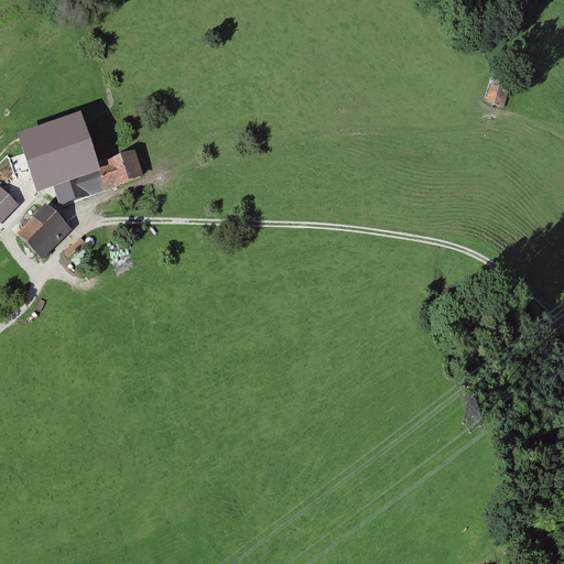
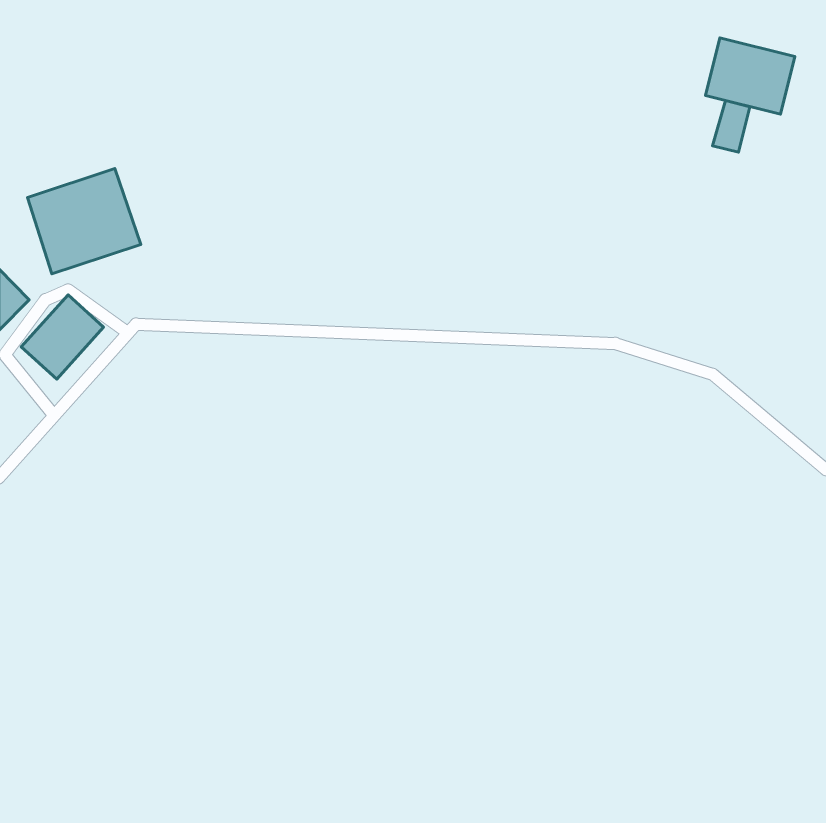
building: none -> [706,38,795,114]
building: [52,148,144,203] -> none

